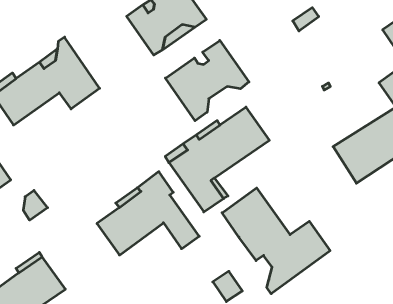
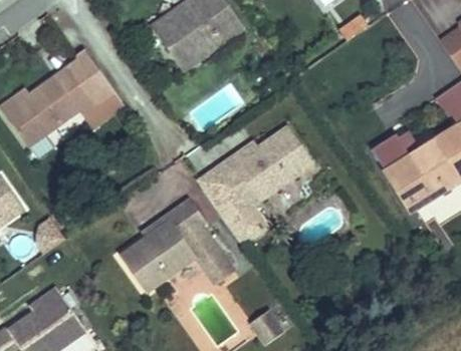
building: [165,40,249,121] -> none
building: none -> [372,133,420,170]
building: [222,188,330,294] -> none

